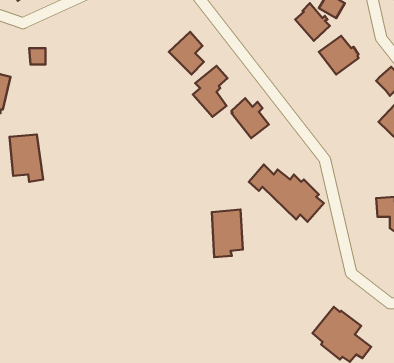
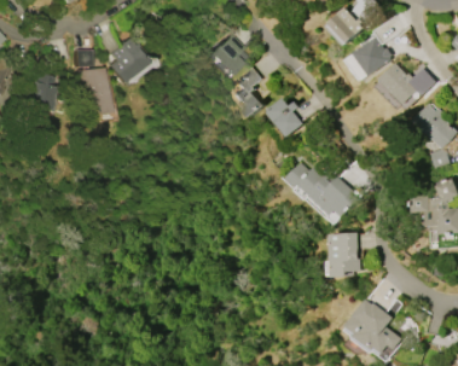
building: none -> [109,36,149,83]
building: none -> [379,64,419,105]
building: [9,134,43,182] -> [76,69,109,115]
building: [212,210,243,257] -> [331,233,361,279]

